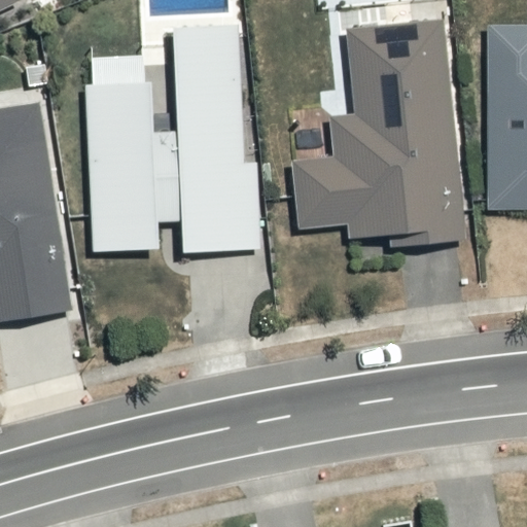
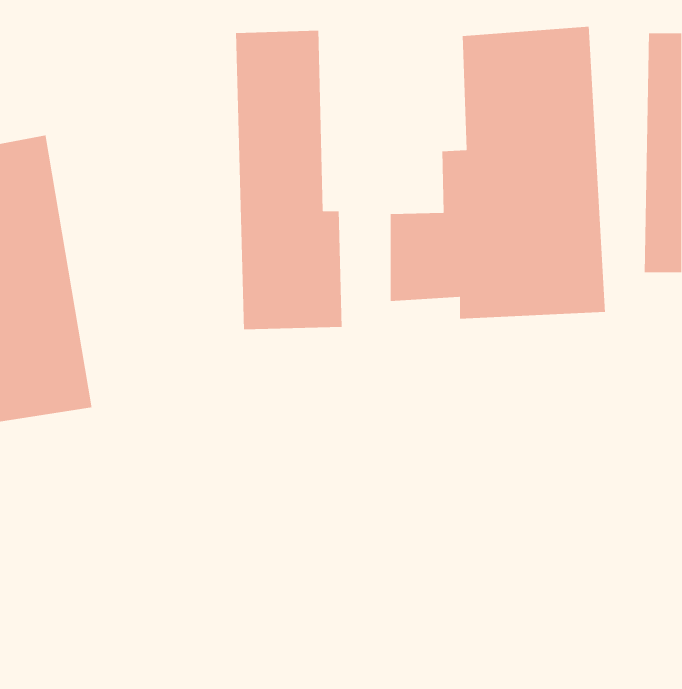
building: [86,49,177,251] -> none

